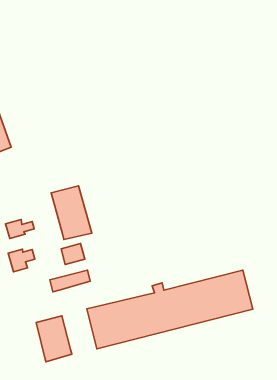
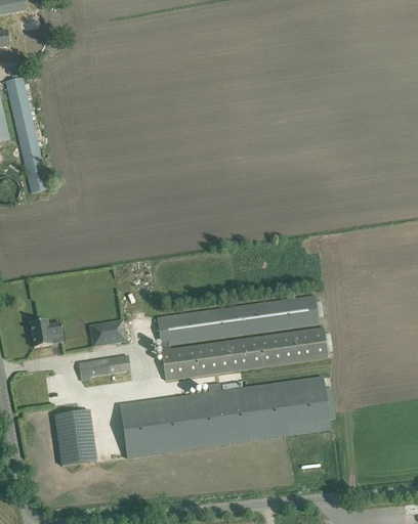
building: [51,186,92,240] -> none
building: none -> [153,295,327,380]
building: [6,219,34,238] -> none

